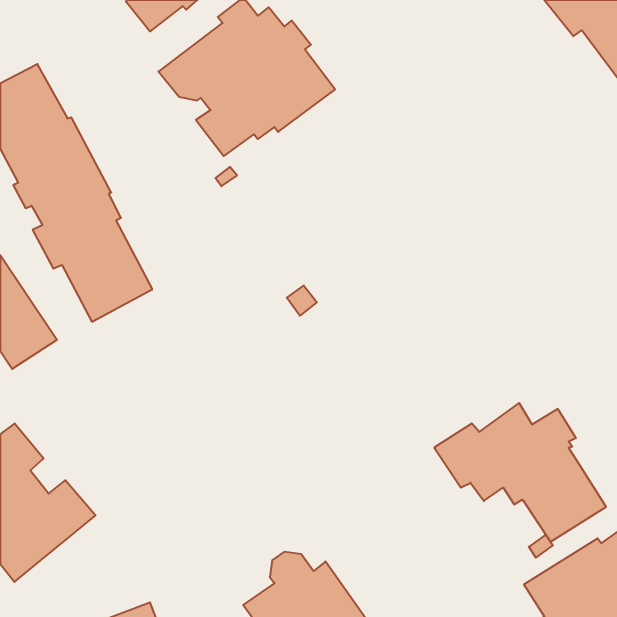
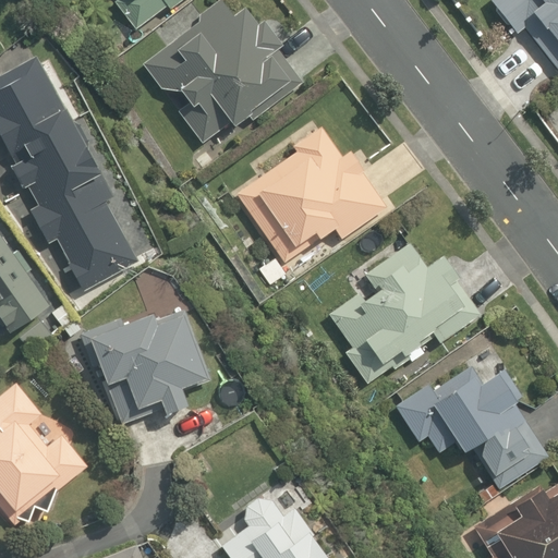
building: none -> [238,128,388,266]
building: none -> [328,244,480,385]
building: none -> [81,313,207,421]

